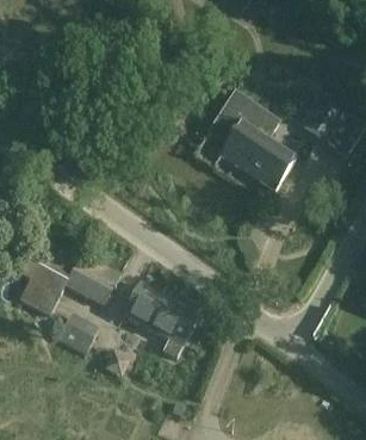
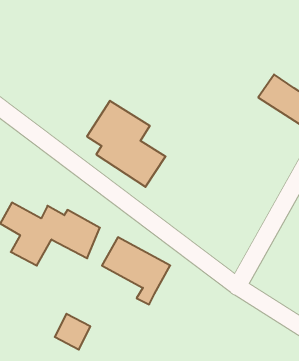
building: [207,93,297,191] -> [87,101,166,187]
building: [58,312,99,353] -> [55,314,90,350]

